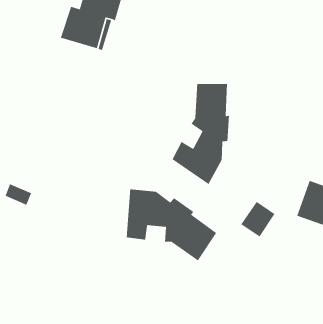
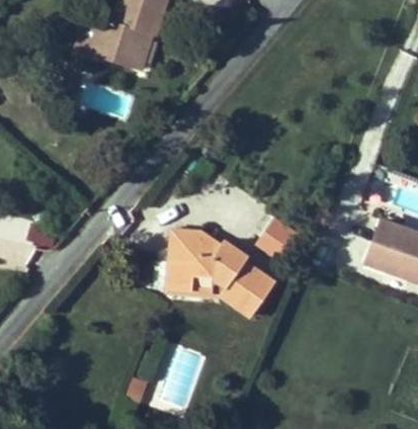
building: [172,83,230,185] -> none
building: [240,201,276,237] -> [256,218,298,260]

